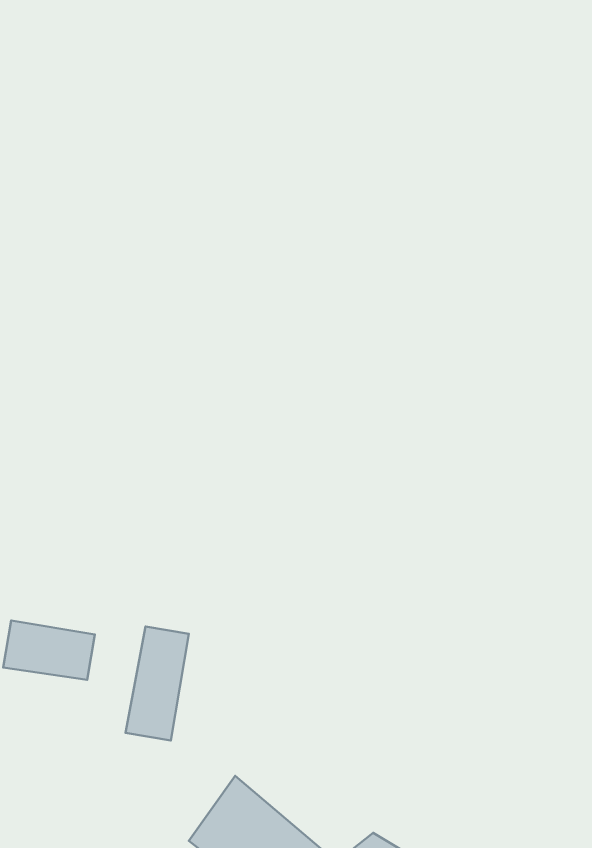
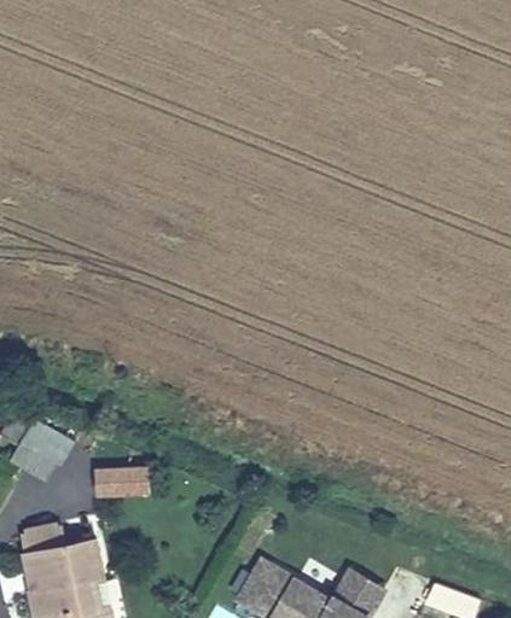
building: [126,626,189,741] -> none

